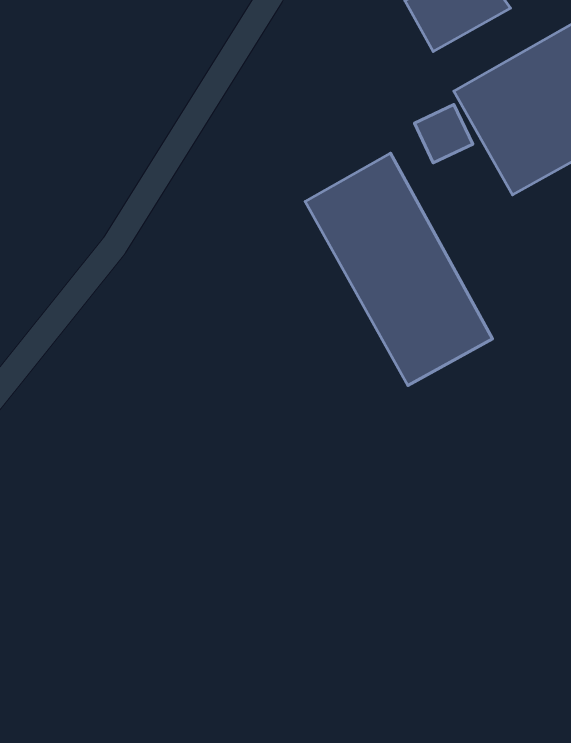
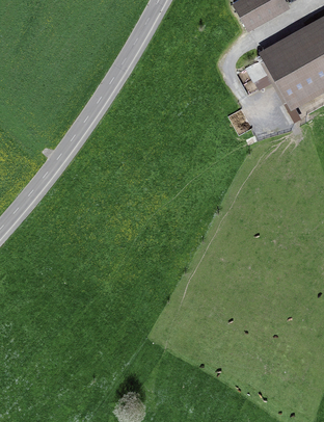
building: [305,153,493,385] -> none

